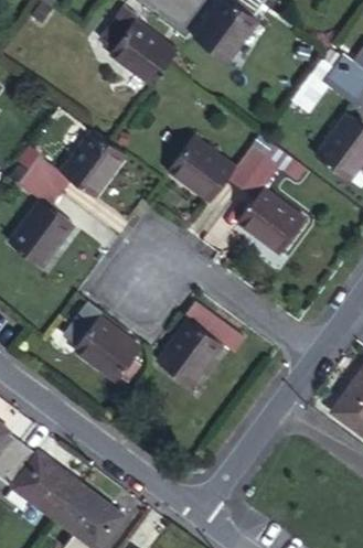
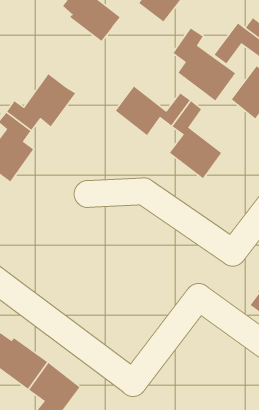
building: none -> [173,28,236,102]
building: [65,299,146,382] -> none
building: [160,300,245,383] -> none

